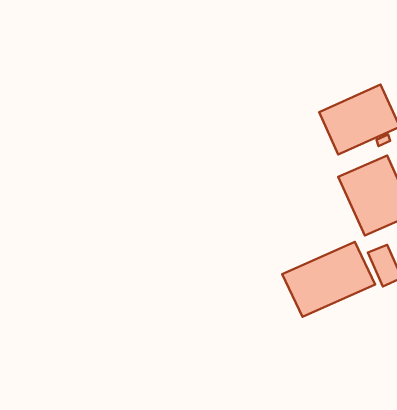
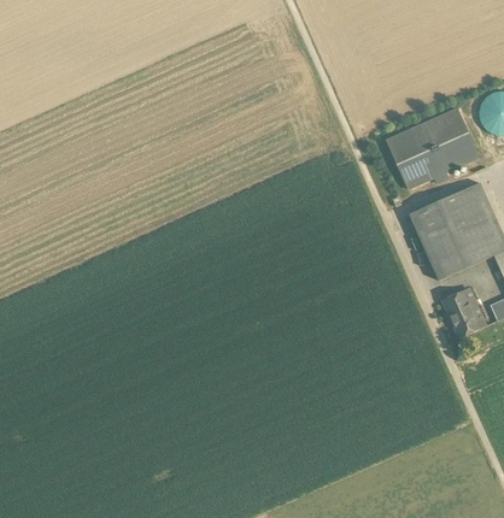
building: [282,242,375,317] -> none

